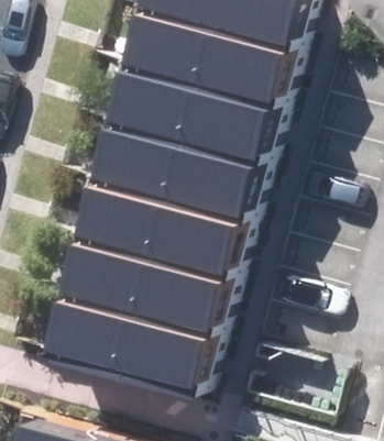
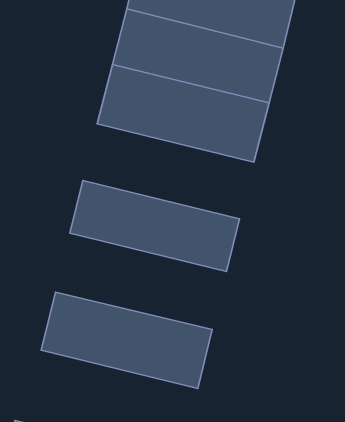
building: [89,128,261,223] -> none
building: [62,238,233,334] -> none

